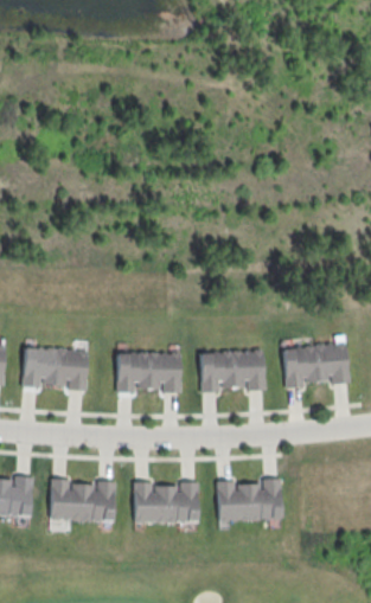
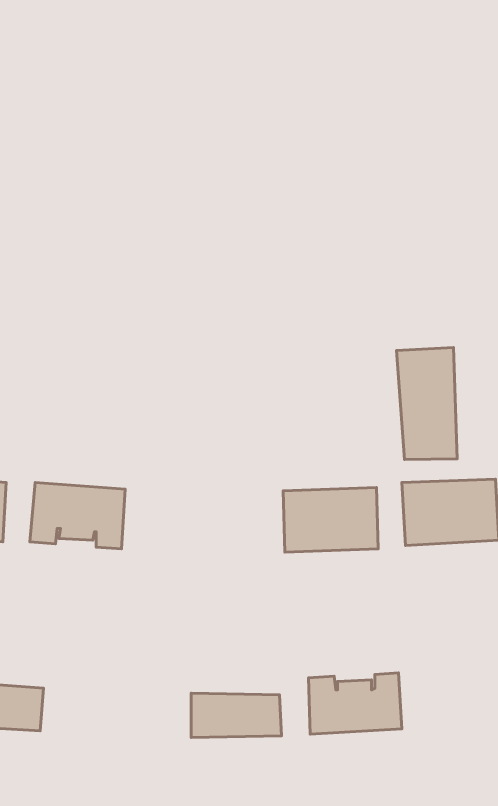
building: none -> [396,348,457,460]
building: [117,349,181,391] -> none
building: [49,488,114,520] -> none

